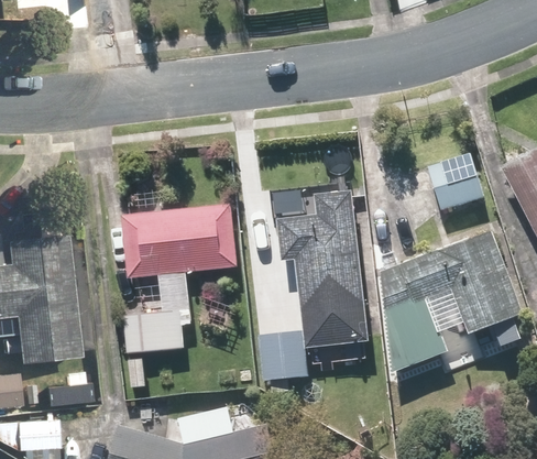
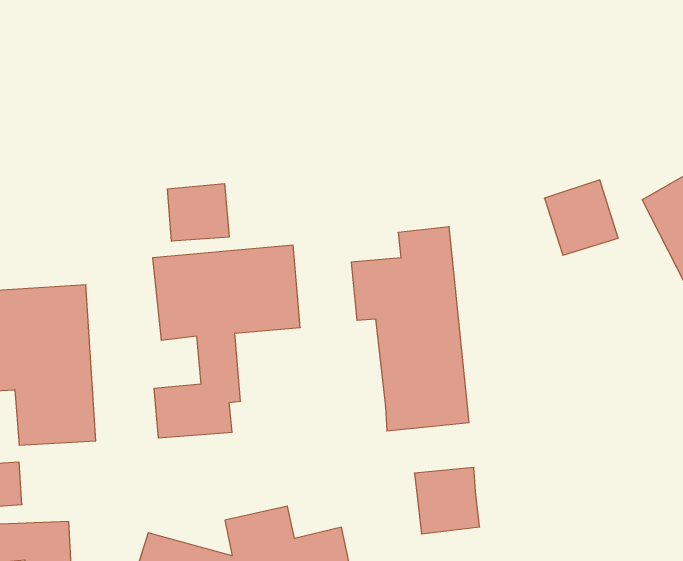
building: none -> [168,184,229,241]
building: [377,229,523,372] -> none
building: [256,329,307,381] -> [414,467,480,534]

